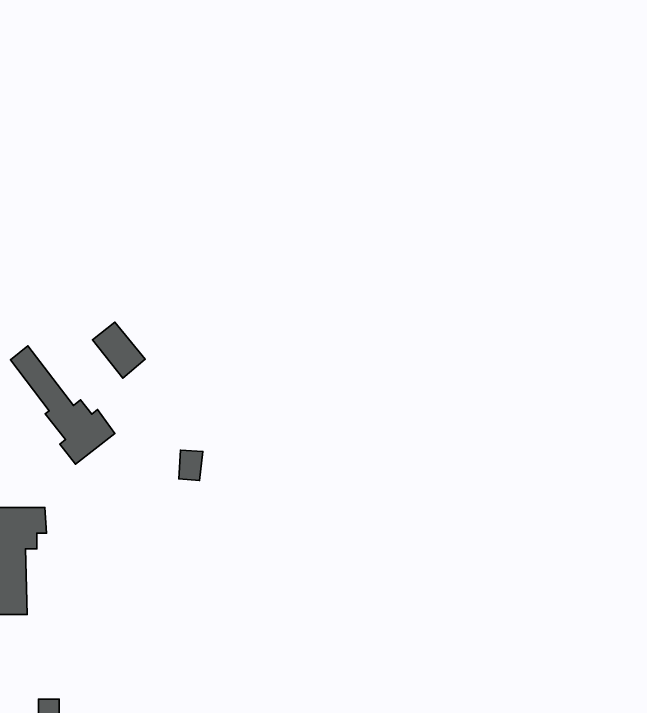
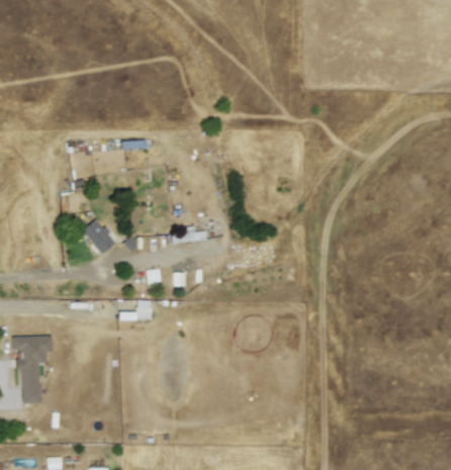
building: [10,346,115,464] -> none

